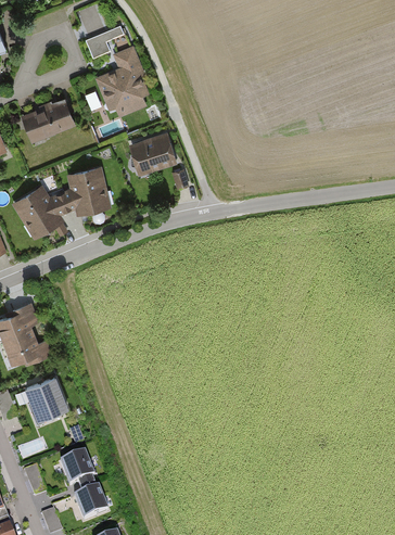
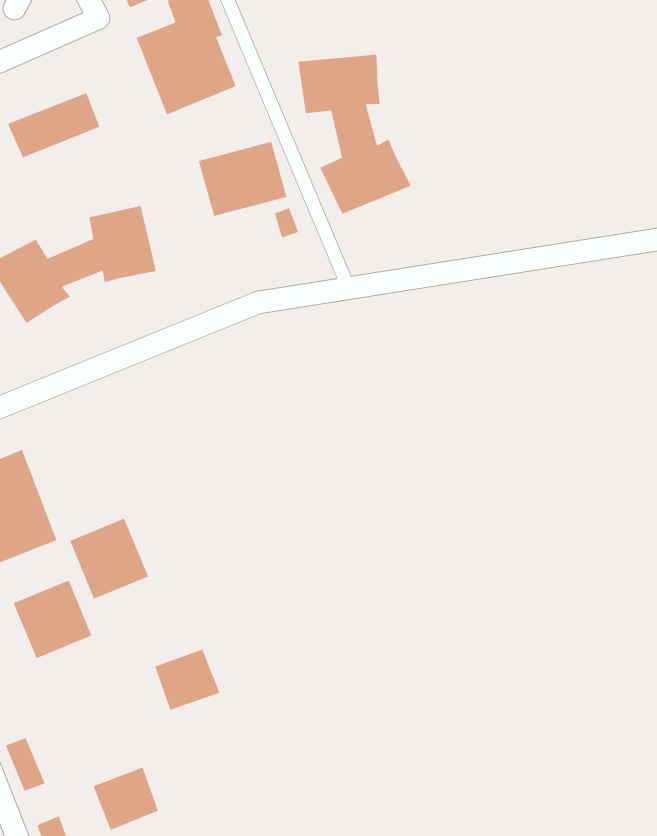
building: none -> [297,54,412,215]
building: none -> [69,518,149,600]
building: [59,448,95,483] -> [154,649,220,711]

